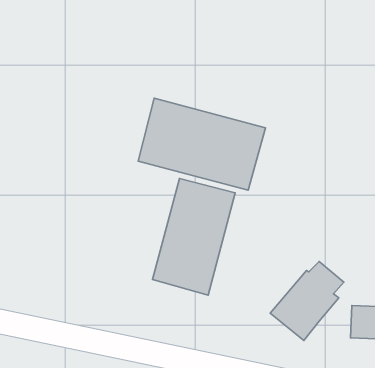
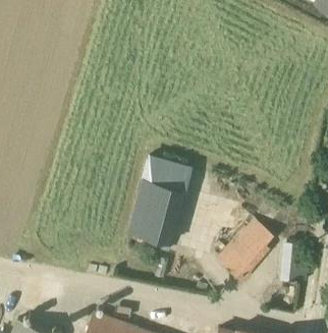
building: [138,98,265,190] -> none

